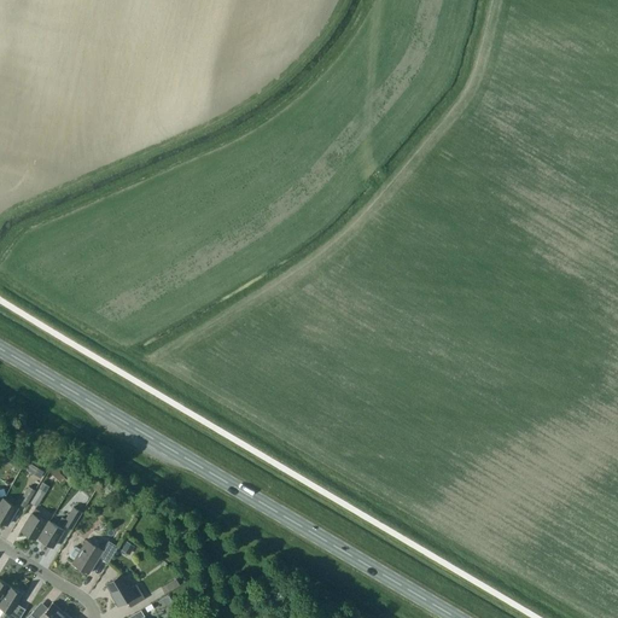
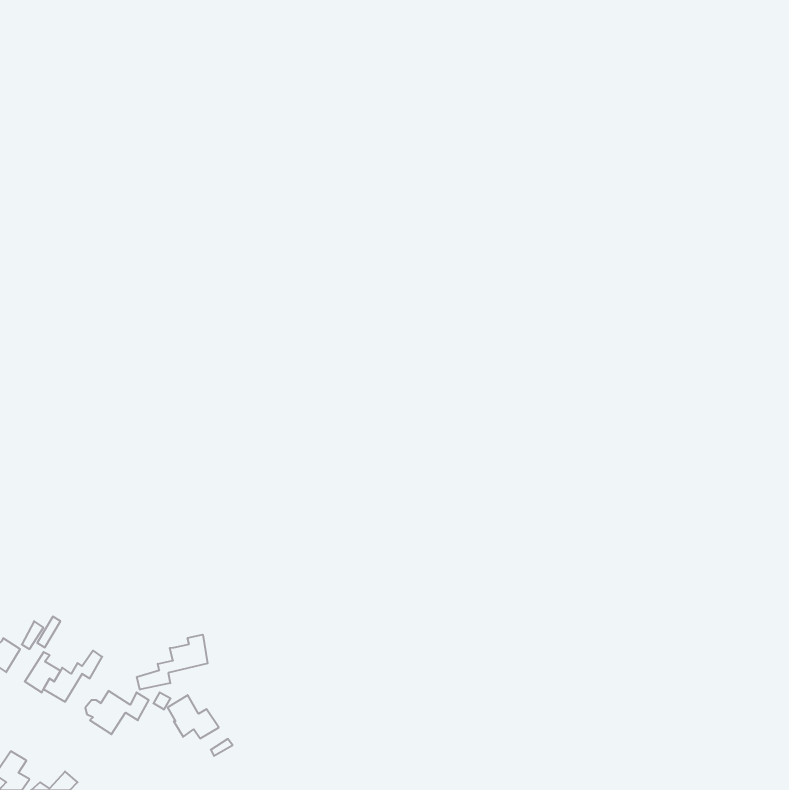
building: none -> [137,635,208,690]
building: [104,572,144,606] -> [168,695,219,738]

